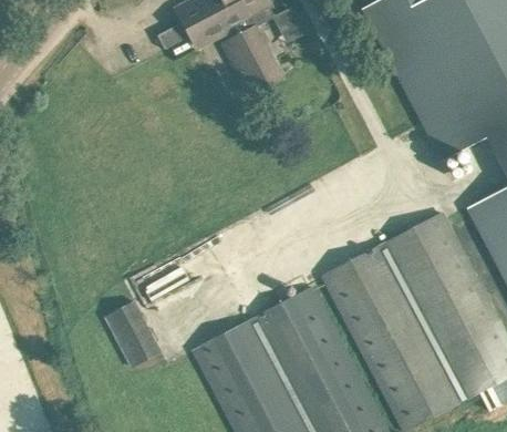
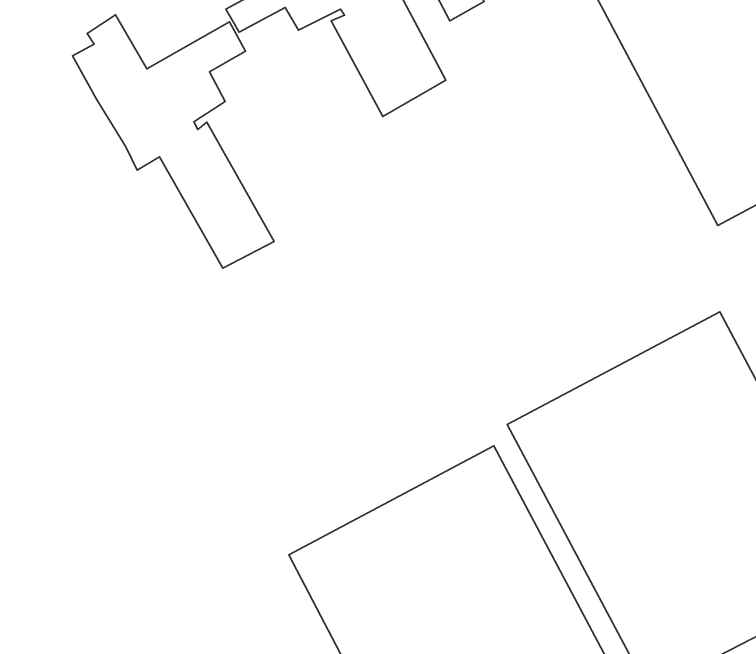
building: none -> [73,15,274,268]
building: [103,300,162,369] -> none

